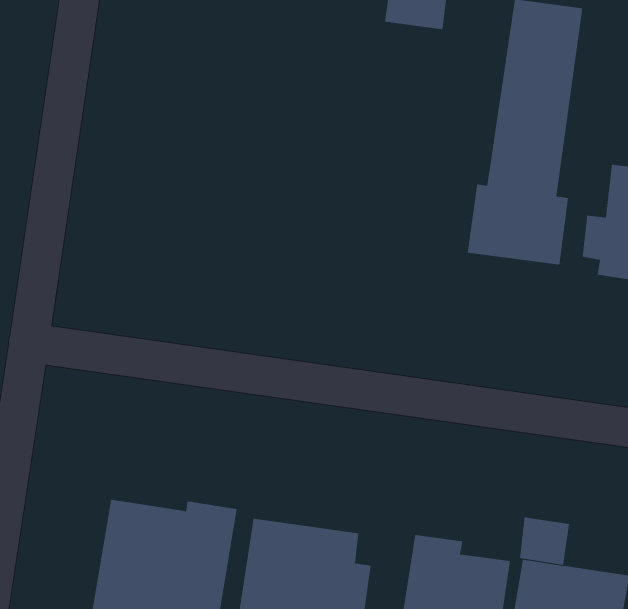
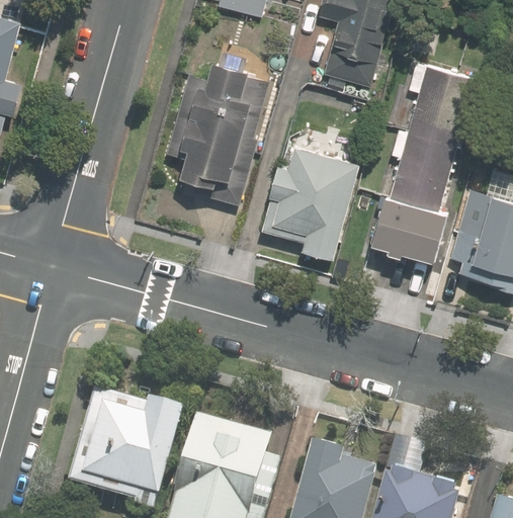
building: none -> [164,45,256,200]
building: none -> [264,145,360,257]

